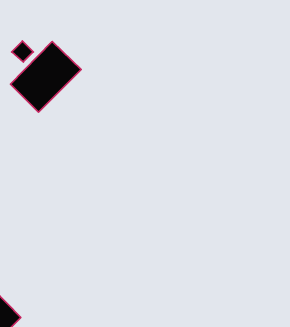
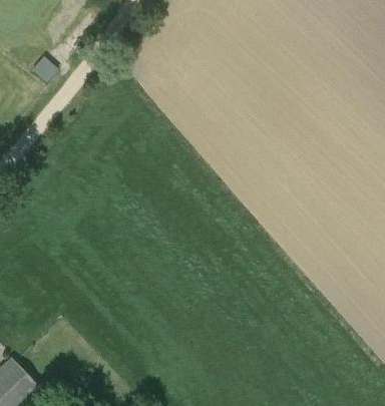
building: [11,42,81,112] -> none

